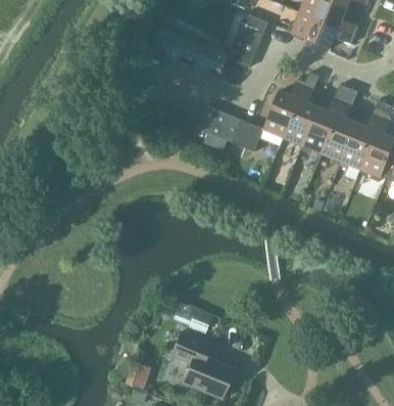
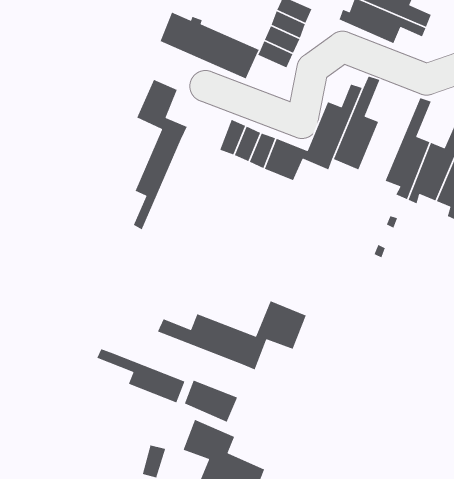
building: none -> [133,79,188,230]
building: [300,85,348,154] -> none
building: none -> [157,300,307,370]
building: none -> [96,348,185,403]

